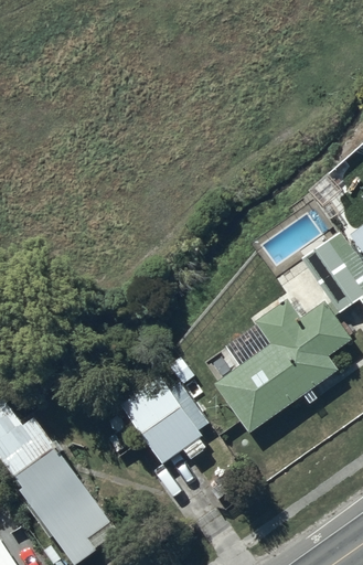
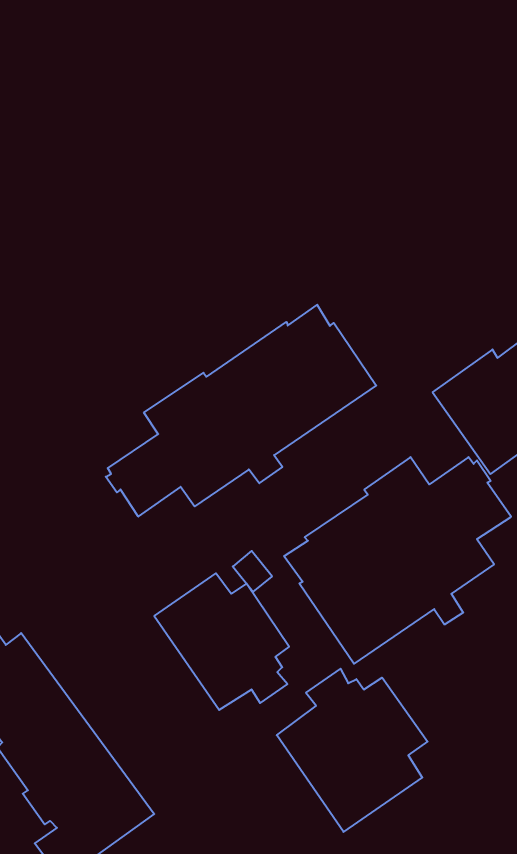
building: none -> [106,305,376,517]
building: none -> [277,669,428,832]

